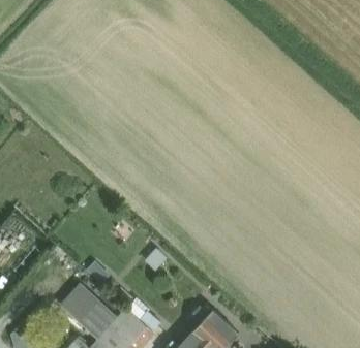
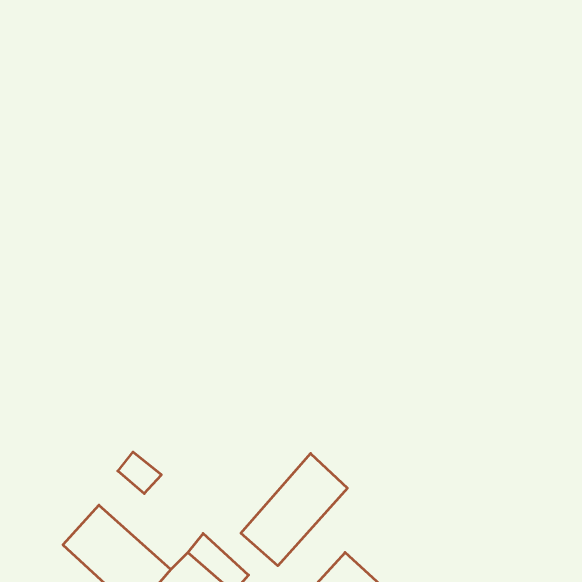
building: none -> [241,453,347,566]

